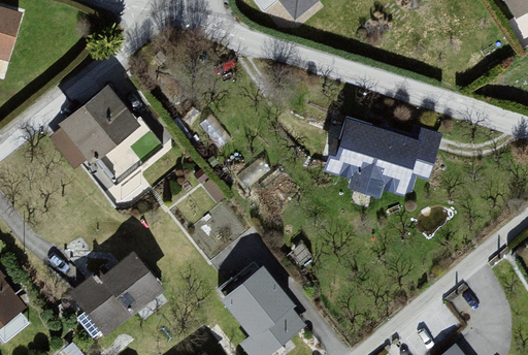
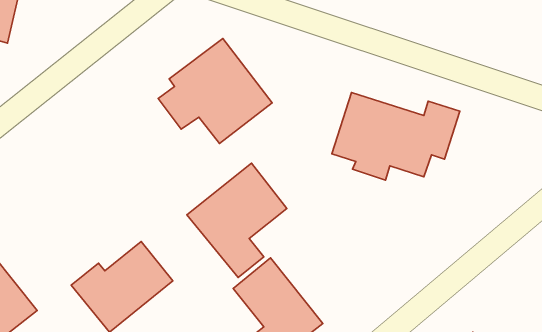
building: [50,85,157,184] -> [158,38,272,143]
building: none -> [187,163,287,277]

